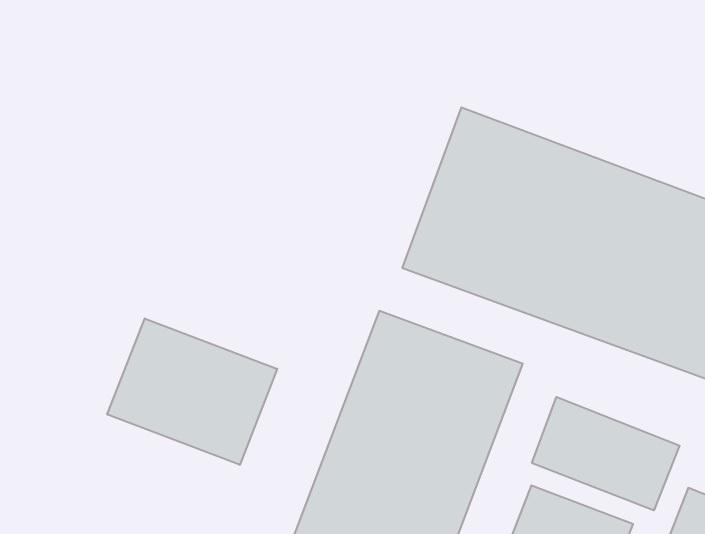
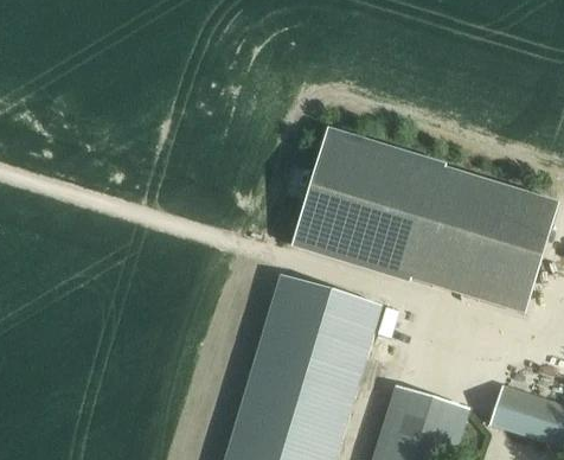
building: [107,318,277,465] -> none
building: [532,397,680,510] -> none

